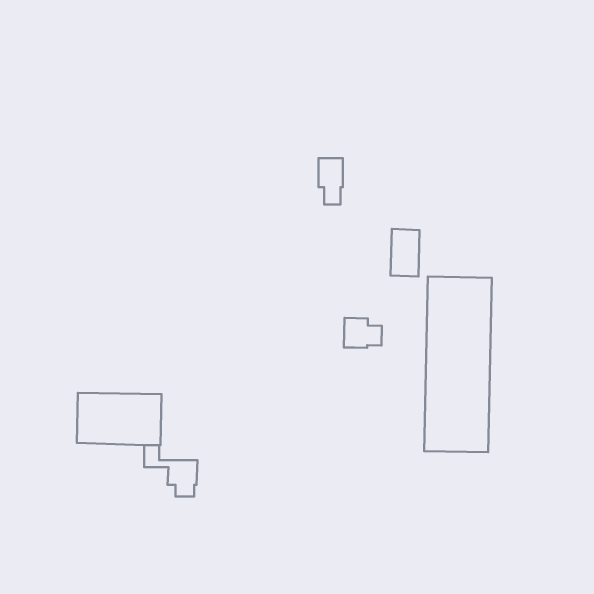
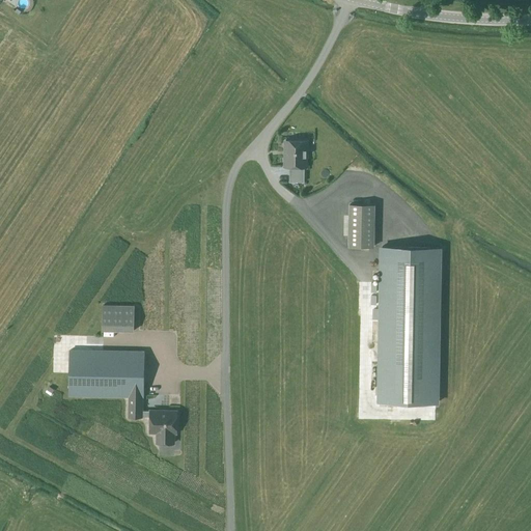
building: [344,318,382,348] -> none
building: none -> [102,306,134,331]

